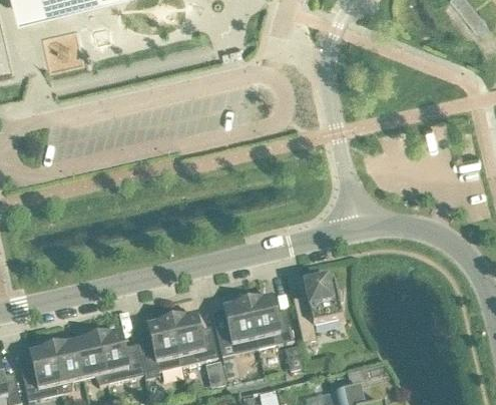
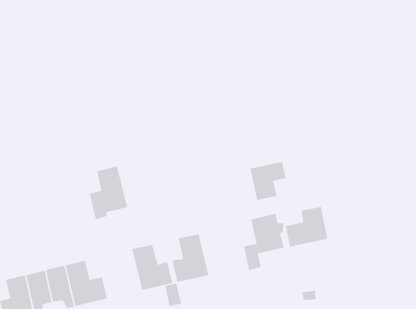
building: none -> [249,161,286,201]
building: none -> [284,206,328,248]
building: [246,296,294,349] -> none
building: [138,319,182,380] -> [89,165,128,220]

